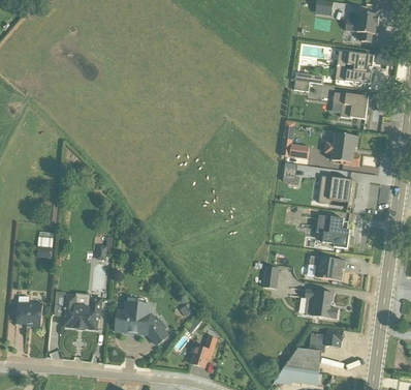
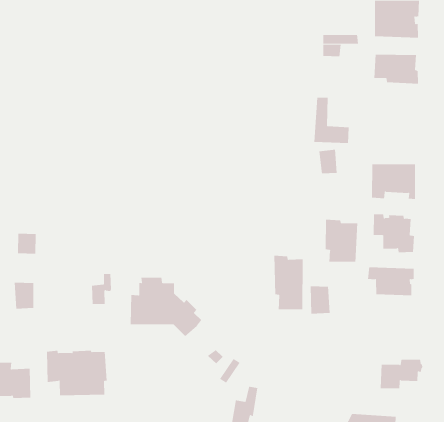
building: [323,132,359,166] -> none
building: none -> [325,219,358,262]
building: none -> [274,255,303,310]
building: [304,289,338,319] -> none
building: [114,296,169,346] -> [130,277,202,337]
building: [284,348,320,371] -> none

